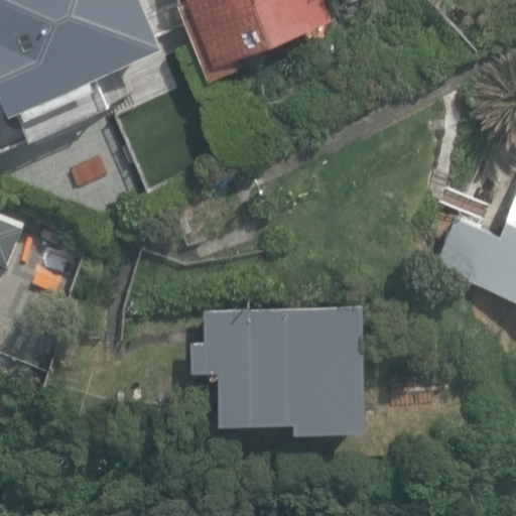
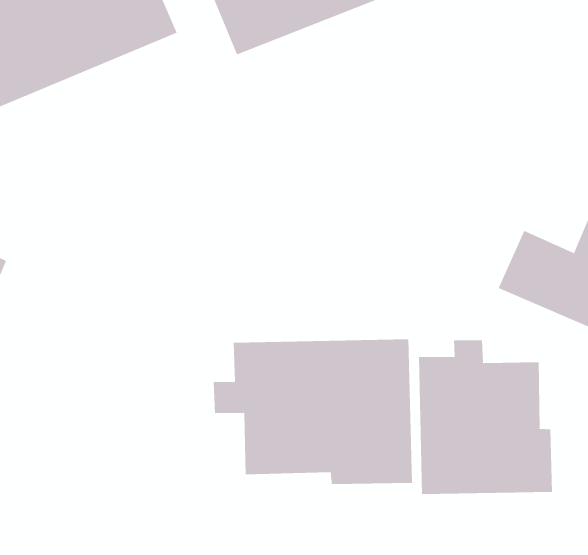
building: none -> [419,339,553,495]

